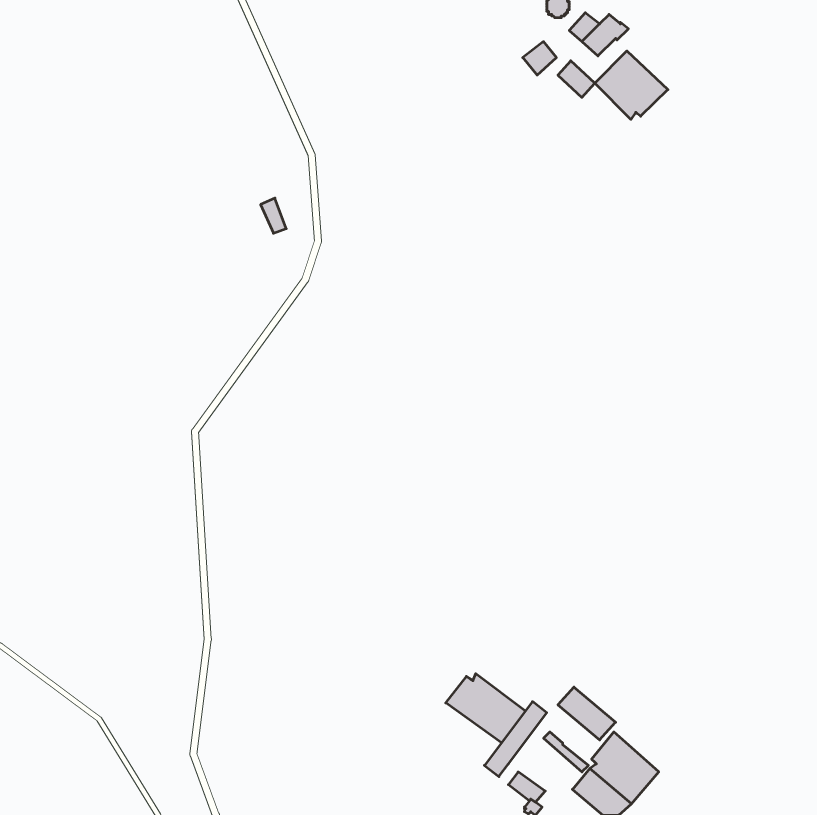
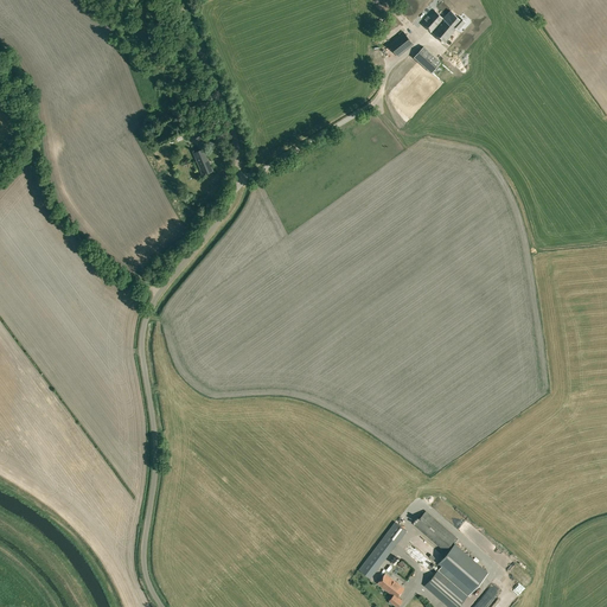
building: [595,51,668,119] -> none
building: [446,674,525,743] -> none

